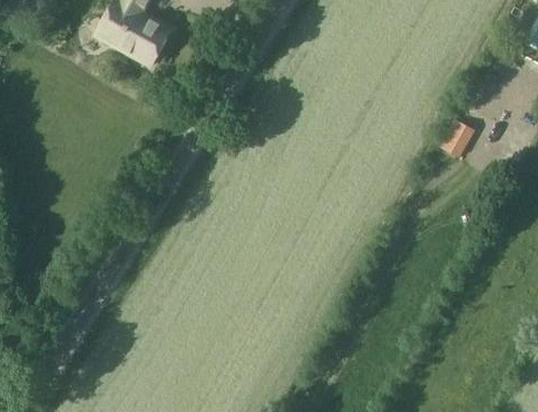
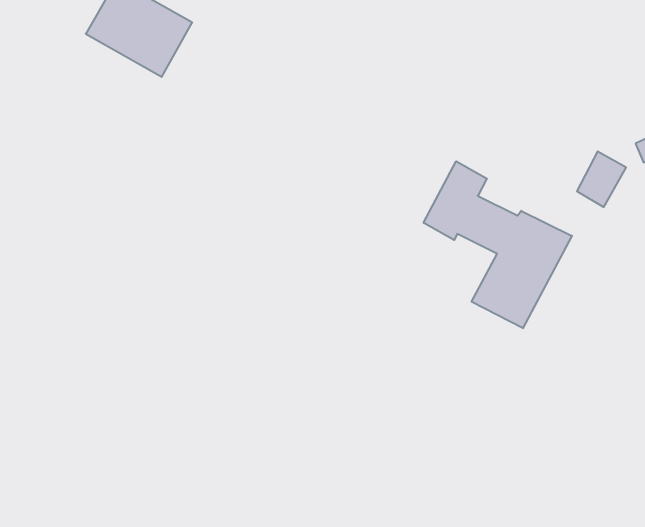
building: none -> [424,161,572,328]

